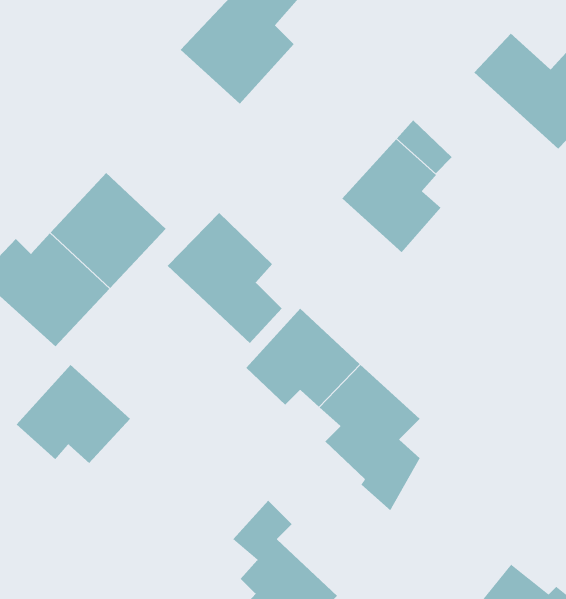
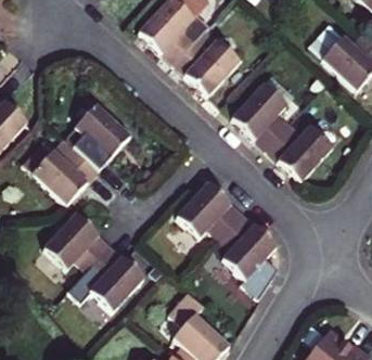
building: none -> [174,29,240,95]
building: none -> [267,124,333,181]
building: [167,212,282,344] -> none
building: none -> [68,245,145,311]

